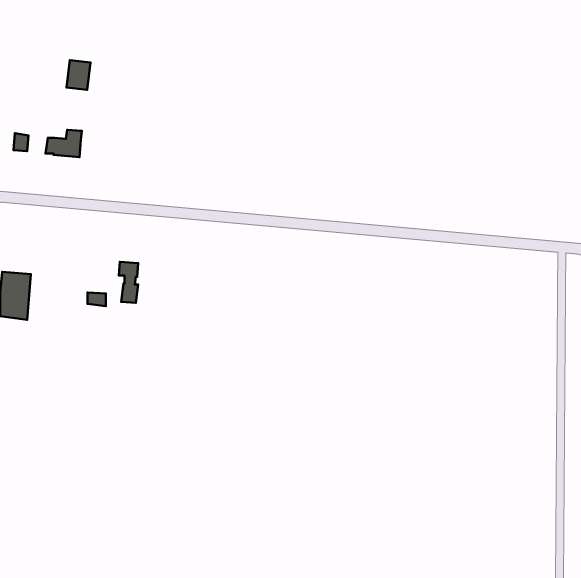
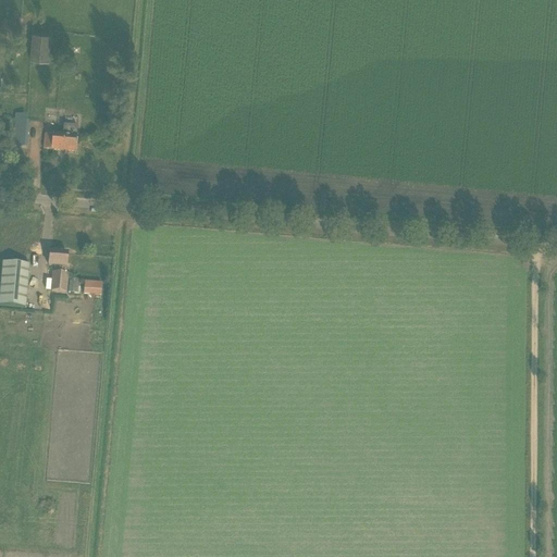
building: [67,60,90,90] -> [29,29,52,58]
building: [119,262,138,303] -> [49,250,67,289]

